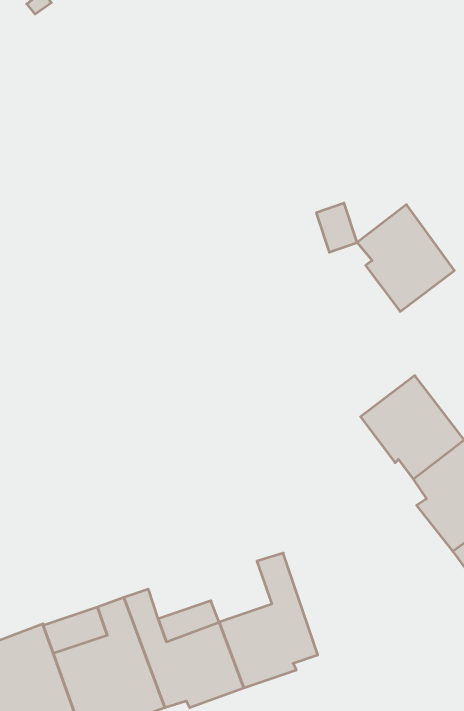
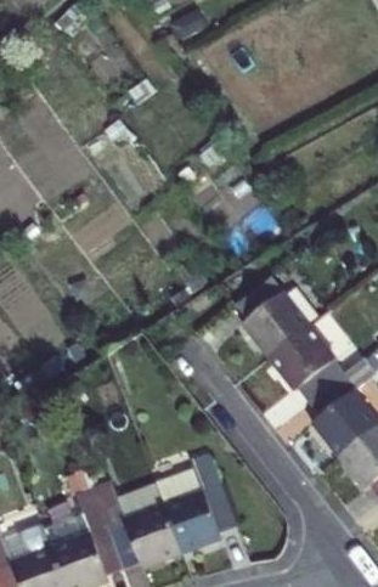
building: [357,205,454,311] -> [237,275,309,354]

